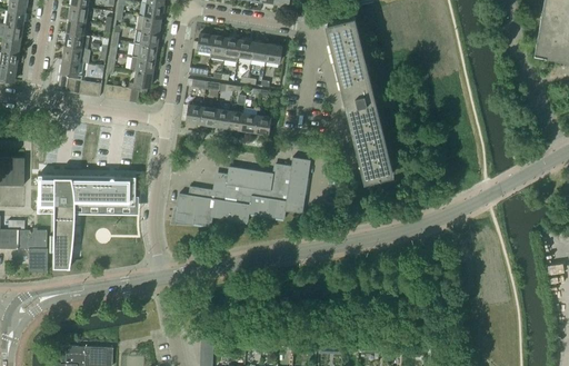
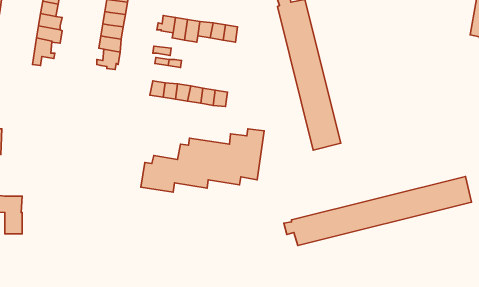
building: [38,176,136,269] -> none
building: none -> [284,177,472,245]

